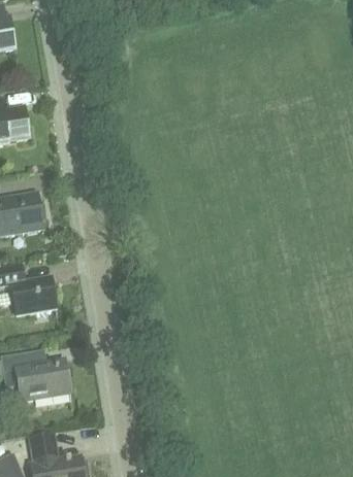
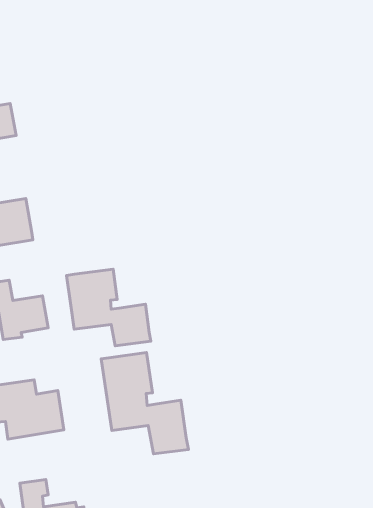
building: none -> [67,269,151,346]
building: none -> [101,352,189,454]

